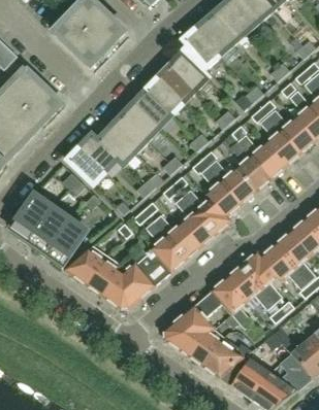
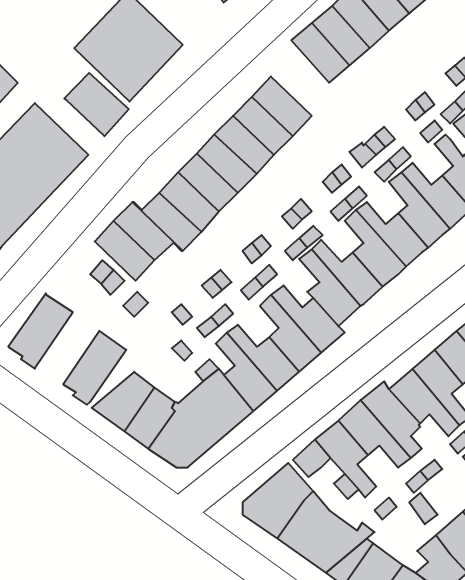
building: [183,28,221,67] -> none
building: none -> [64,73,129,136]
building: [29,206,70,255] -> none

